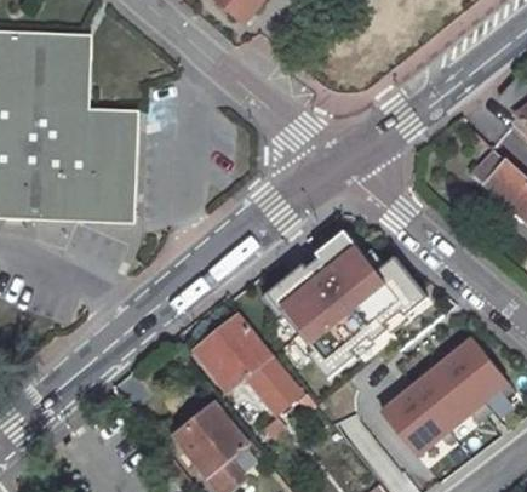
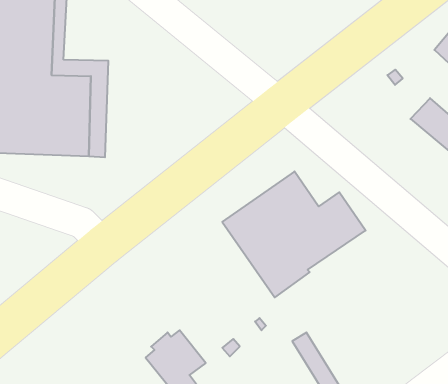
building: [202,319,299,411] -> none
building: [374,336,509,462] -> none

